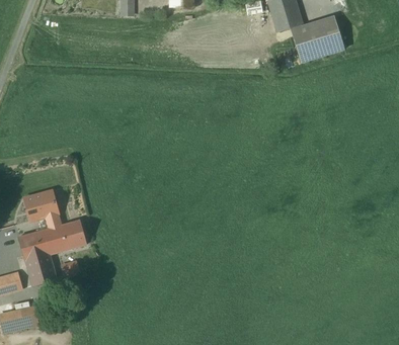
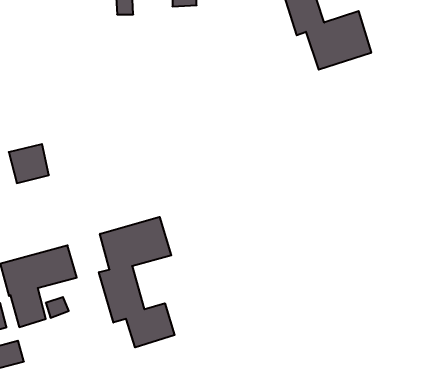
building: [22,187,58,222] -> [9,144,49,183]
building: none -> [99,217,175,347]

